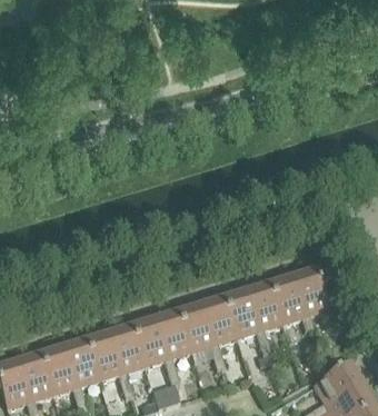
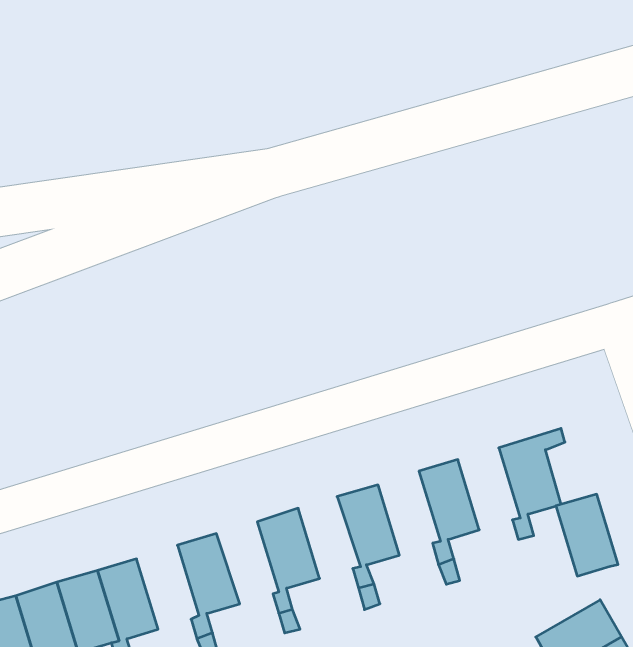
building: [270,274,306,320] -> [556,494,618,576]
building: [225,287,260,335] -> none
building: [179,301,215,348] -> none
building: [132,316,168,363] -> none
building: [87,329,122,377] -> none

